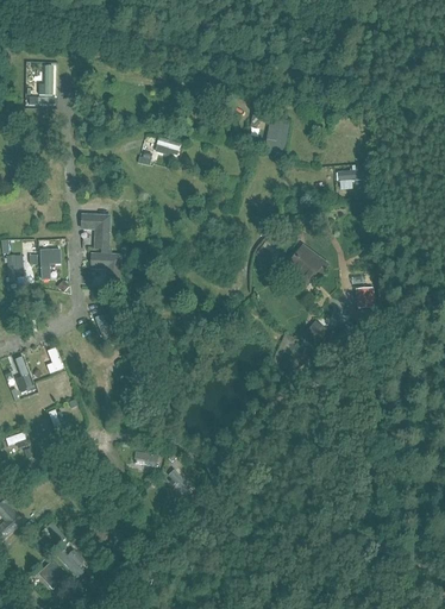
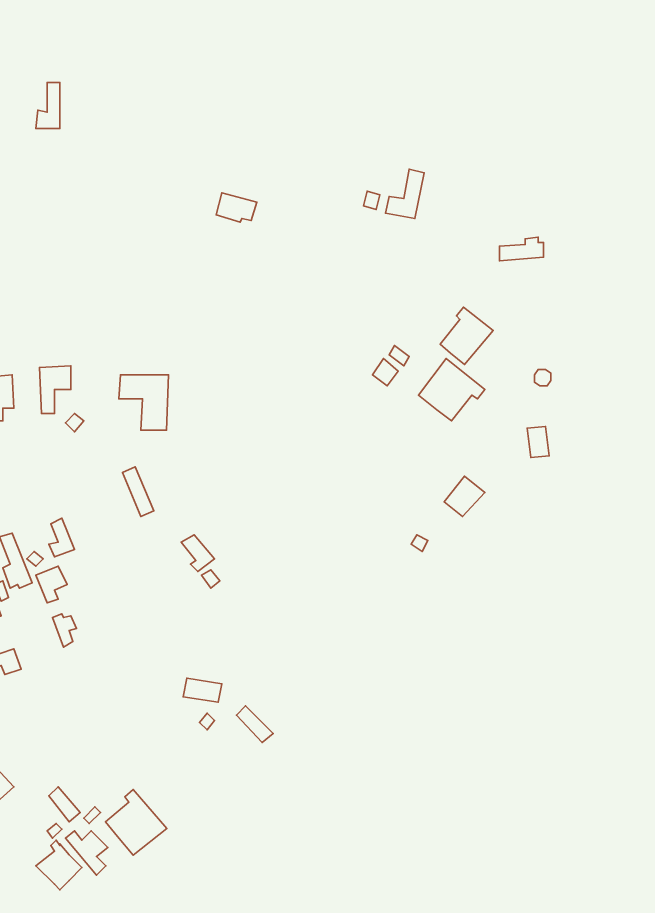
building: none -> [440,307,493,364]
building: [81,214,112,255] -> none
building: none -> [106,790,167,855]

